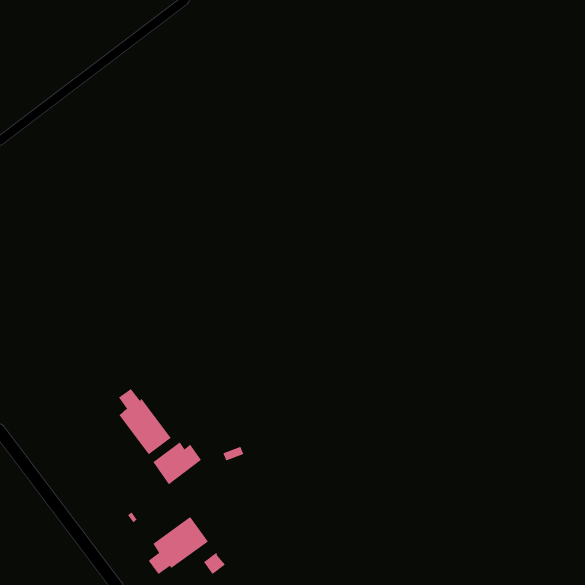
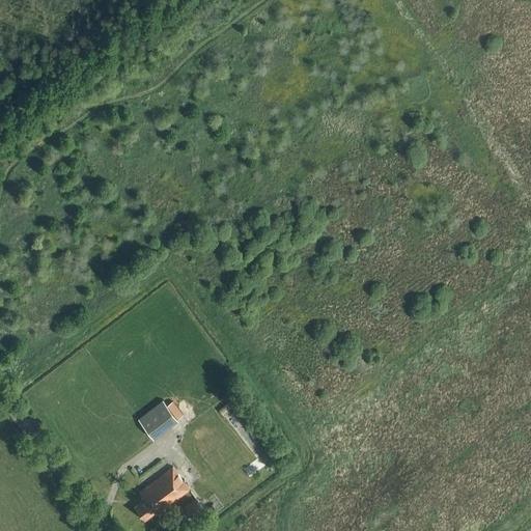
building: [118,388,171,455] -> none

